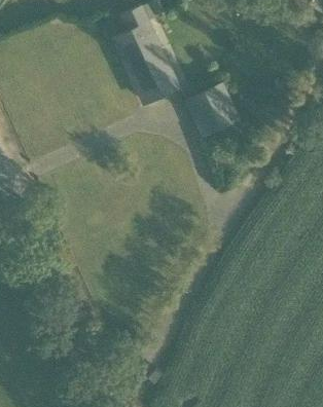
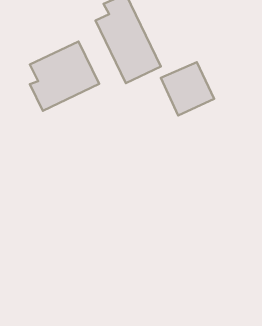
building: none -> [30,41,99,111]

